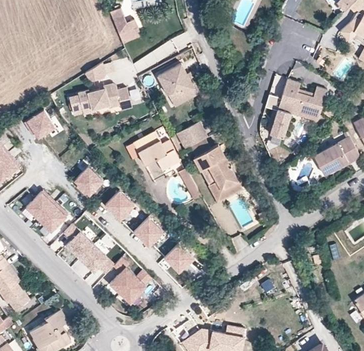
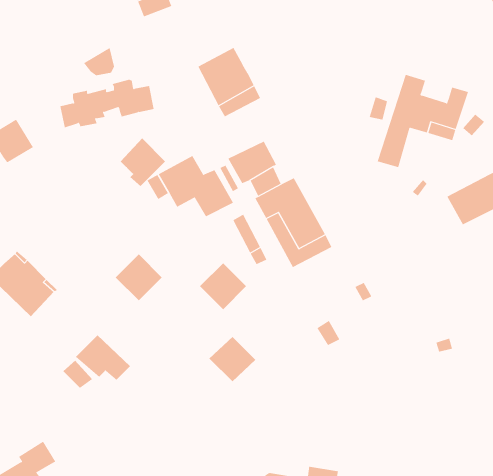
building: [75,166,104,197] -> [120,138,166,187]
building: [134,217,164,247] -> [199,262,247,310]
building: [64,223,94,257] -> none
building: [109,256,152,302] -> none

